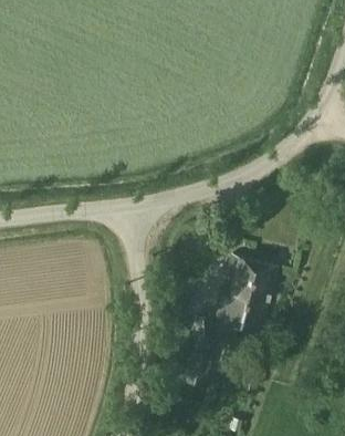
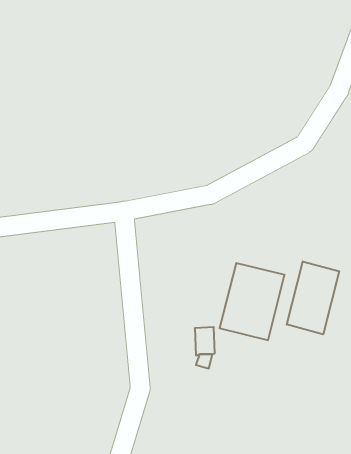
building: none -> [287,261,339,334]

